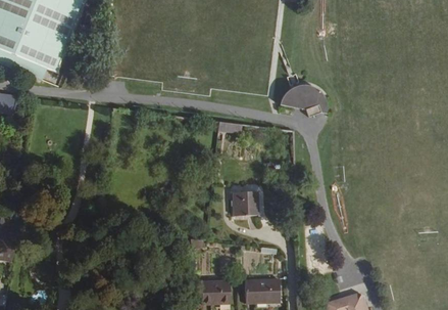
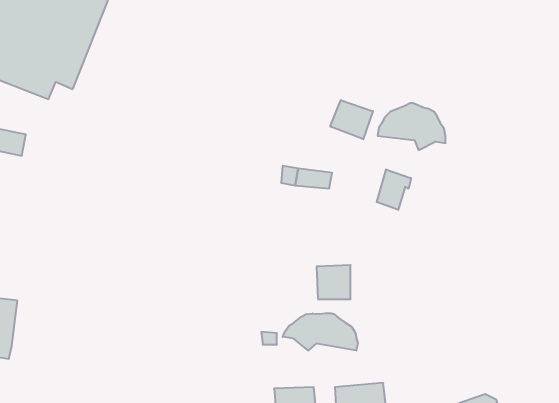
building: none -> [330,100,373,139]
building: none -> [377,169,411,210]
building: none -> [283,313,358,351]

